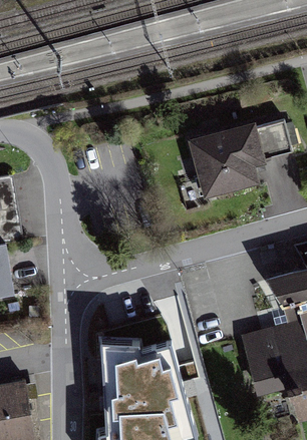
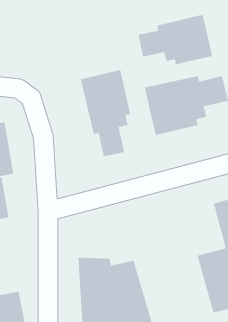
building: none -> [138,14,213,65]
building: none -> [80,69,131,157]

